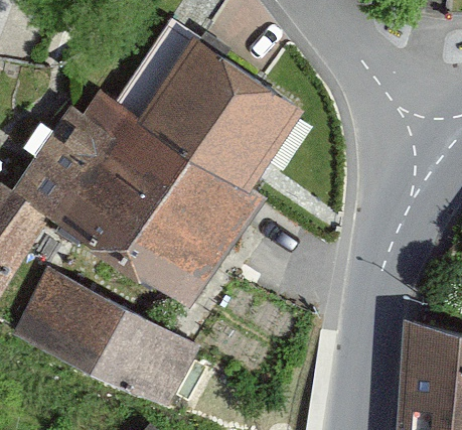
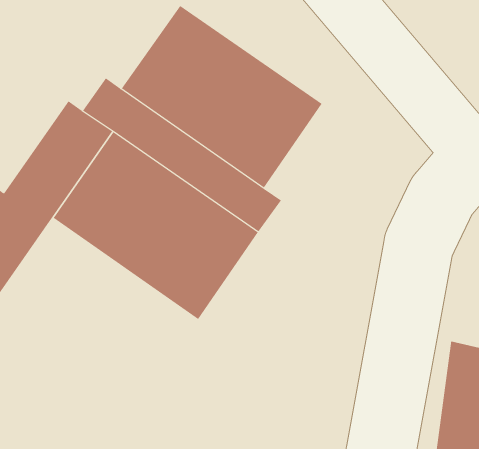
building: [16,269,196,406] -> none

